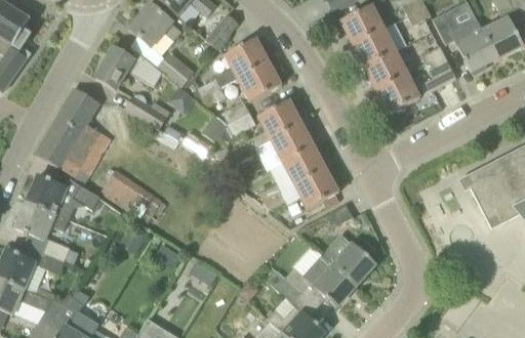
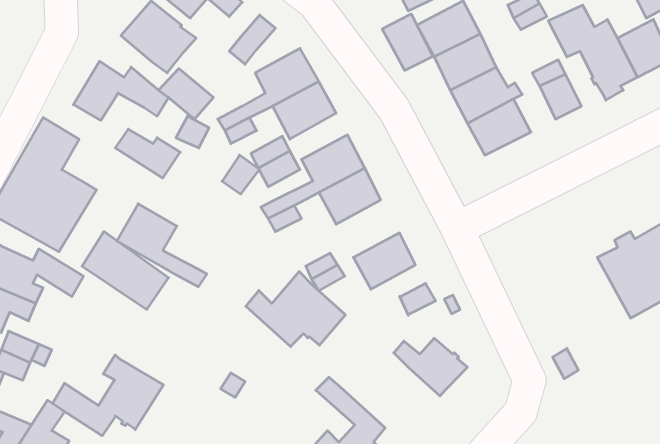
building: none -> [382,14,433,70]
building: [282,144,327,185] -> none
building: none -> [117,204,207,287]
building: [285,253,356,306] -> [246,272,345,347]
building: none -> [53,355,163,436]

